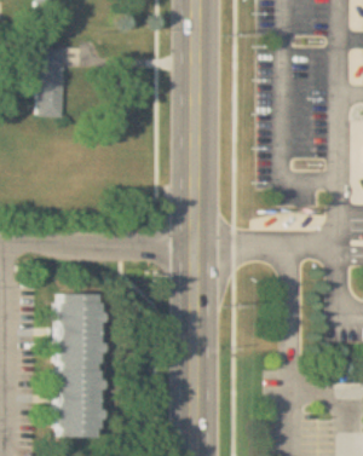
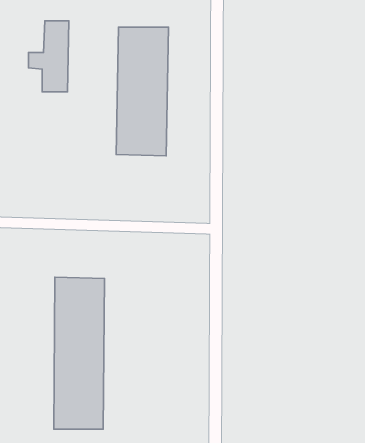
building: none -> [116,27,168,156]

